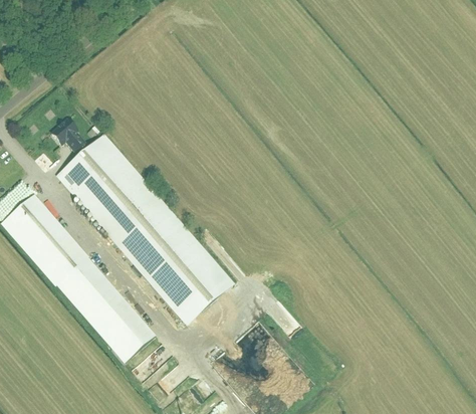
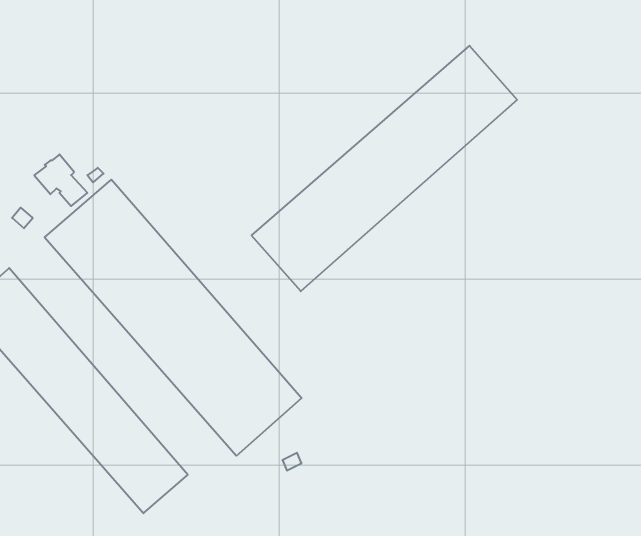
building: none -> [252,46,517,291]

